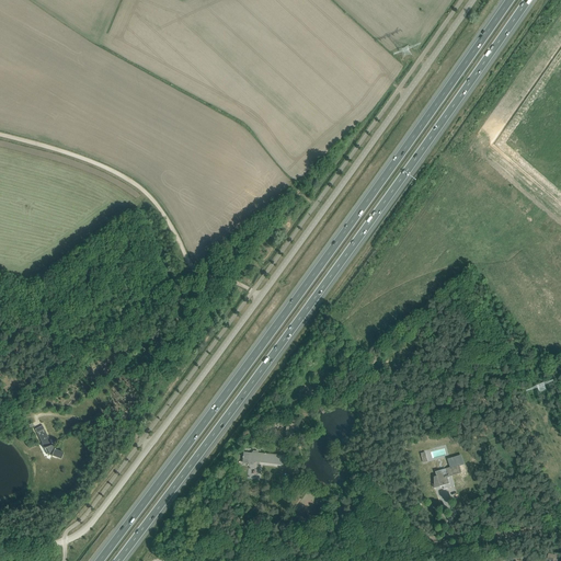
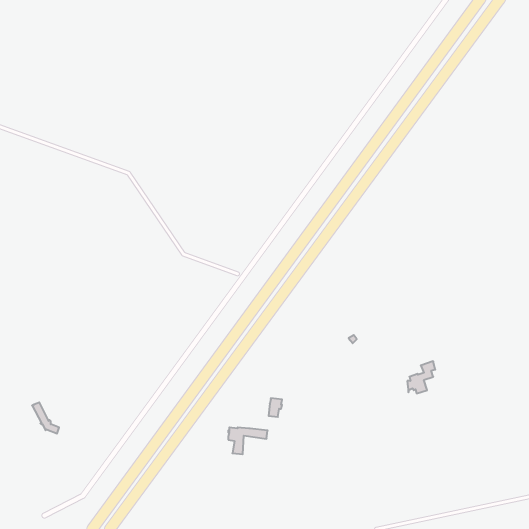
building: [433,455,462,489] -> [407,361,435,393]

